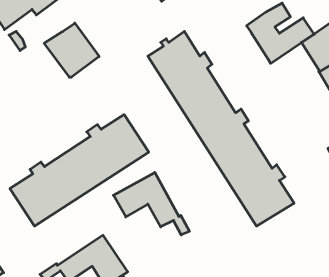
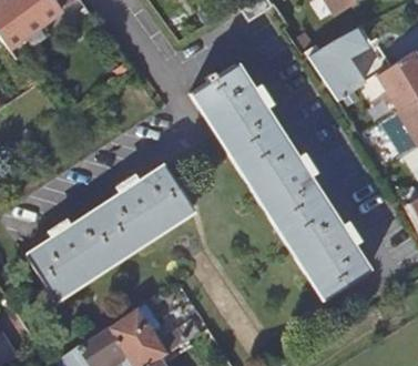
building: [44,23,99,77] -> none
building: [113,172,189,235] -> none

